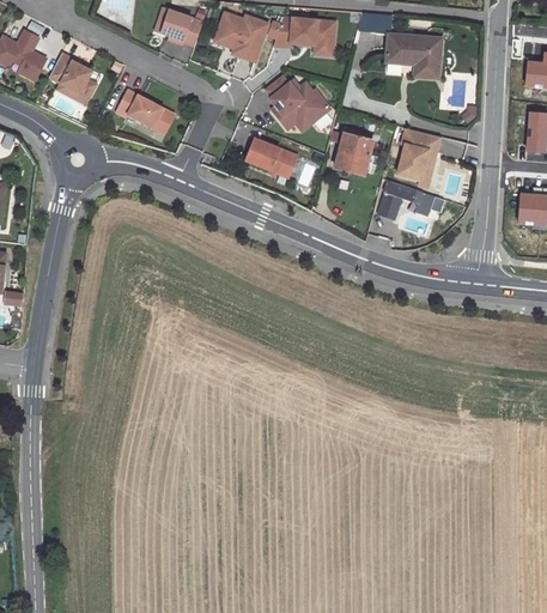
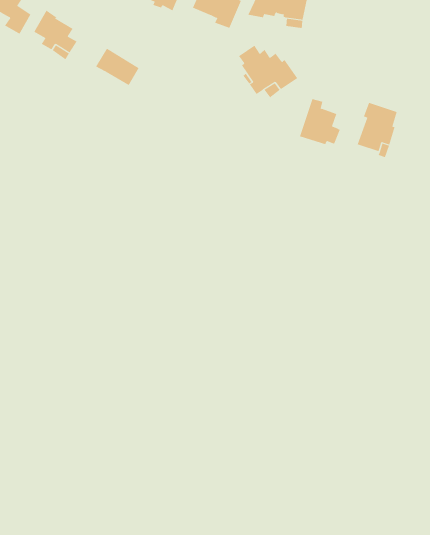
building: [385,36,442,79] -> none
building: [245,138,296,176] -> none
building: [378,182,434,220] -> none

